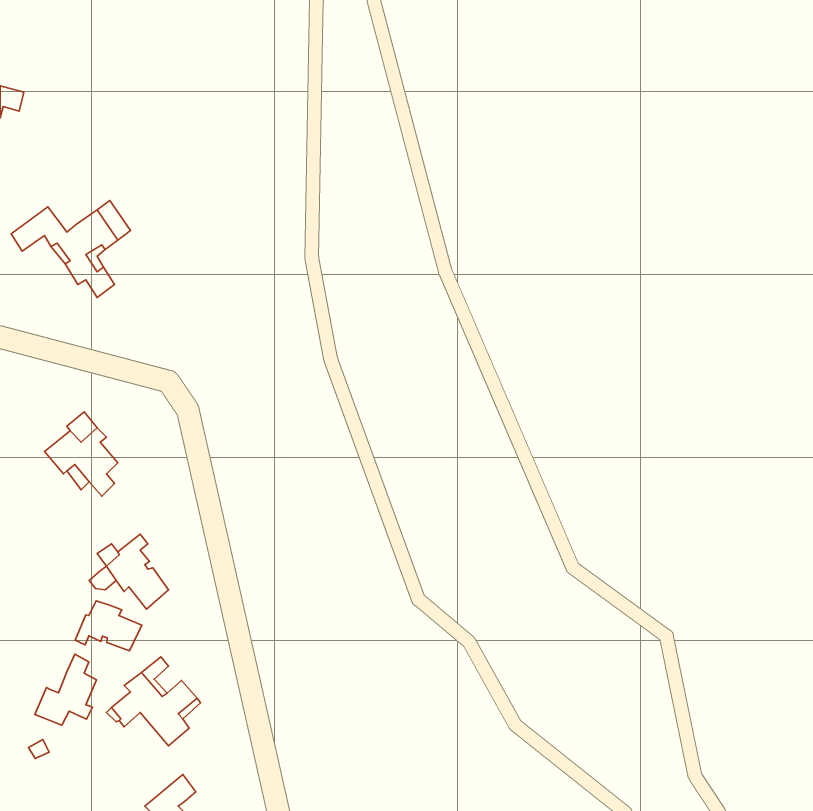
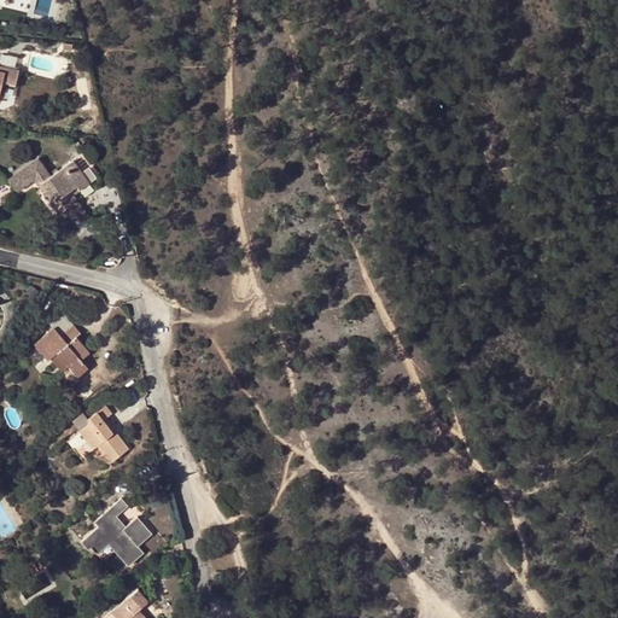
building: [75,601,142,651] -> none
building: [35,654,96,725] -> none

